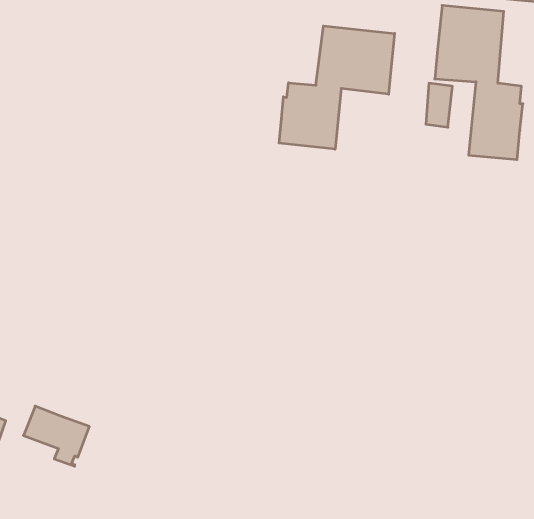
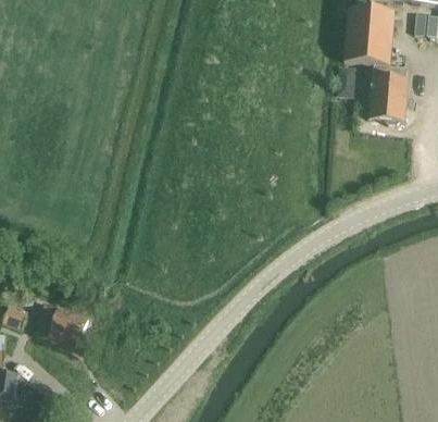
building: [279,26,395,149] -> none

